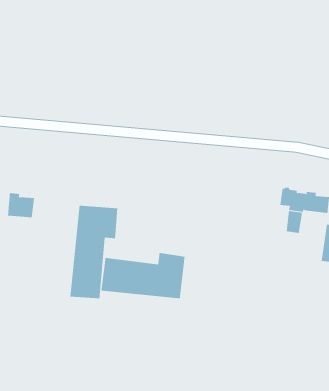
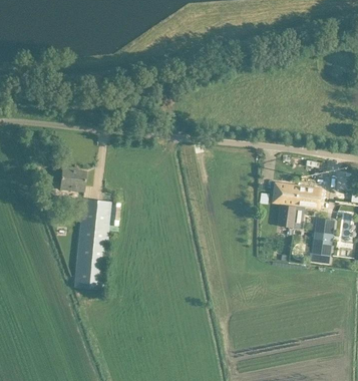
building: [7,193,35,218] -> [60,166,86,190]
building: [101,252,185,299] -> none

